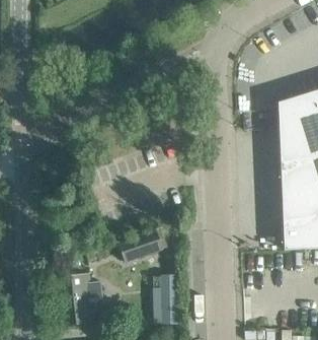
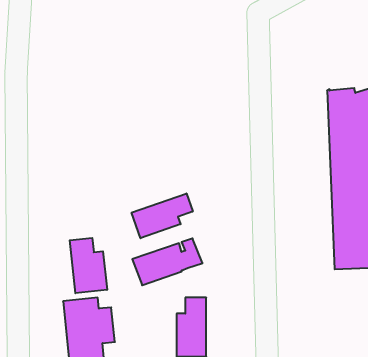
building: none -> [132,193,193,238]
building: none -> [70,238,107,293]

